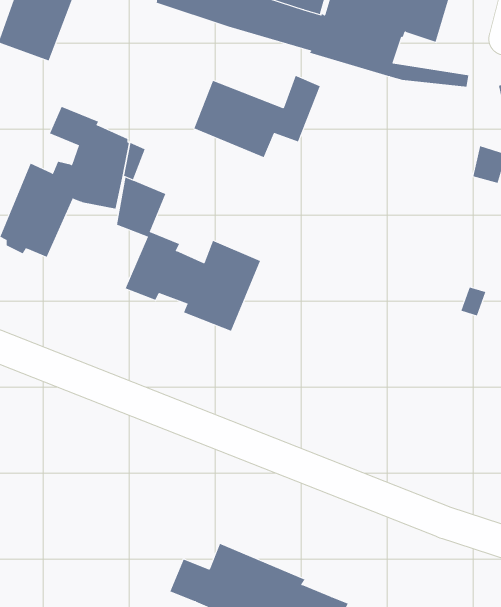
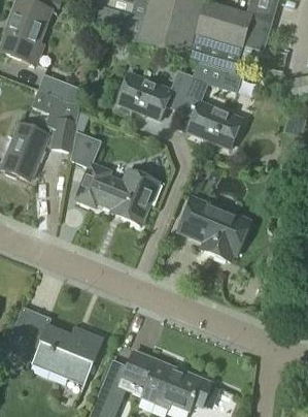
building: none -> [180,62,242,148]
building: none -> [38,72,81,107]
building: none -> [178,196,250,260]
building: none -> [6,306,102,378]

